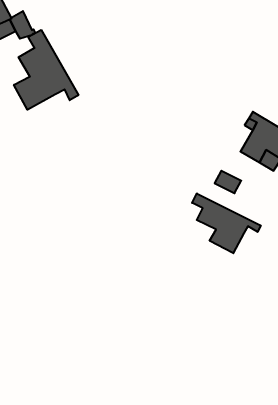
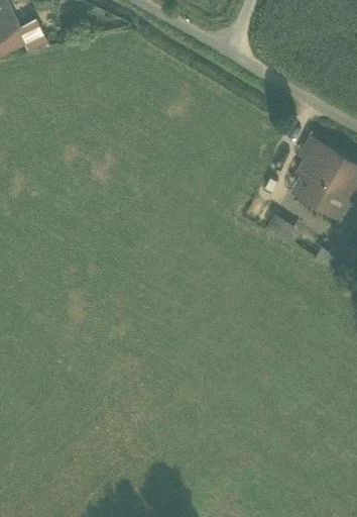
building: [14,30,78,110] -> none
building: [192,193,261,253] -> none

